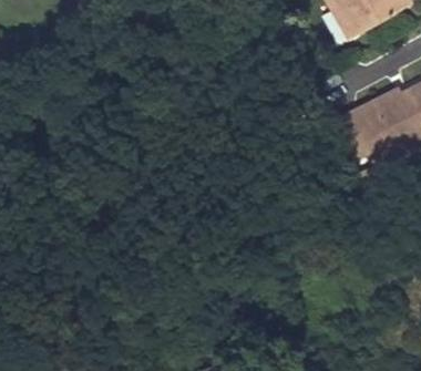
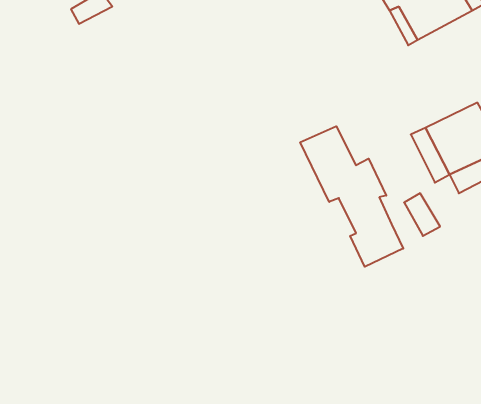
building: none -> [300,126,403,267]

